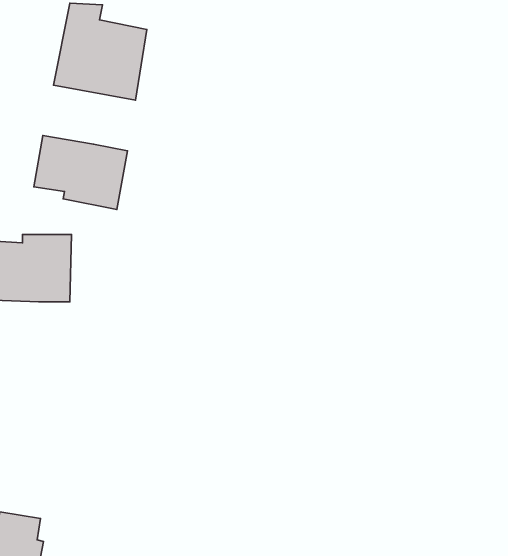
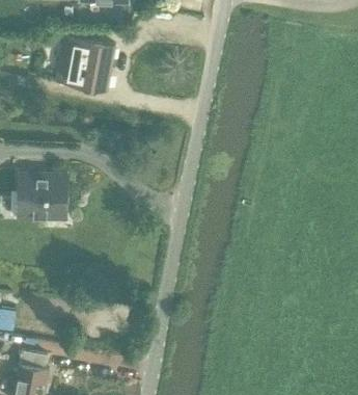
building: [34,135,127,210] -> none

